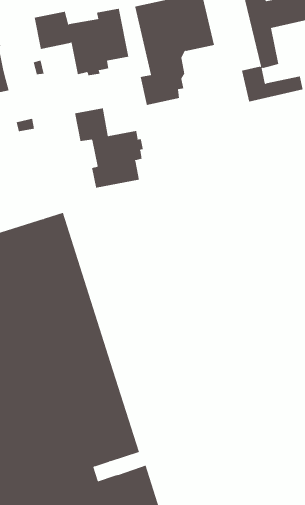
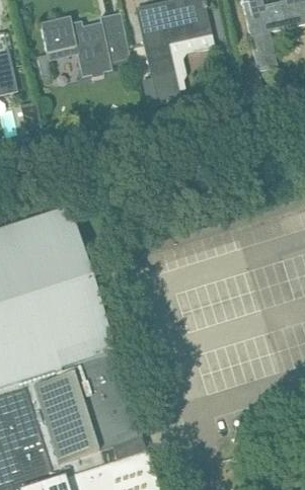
building: [75,107,144,189] -> none

